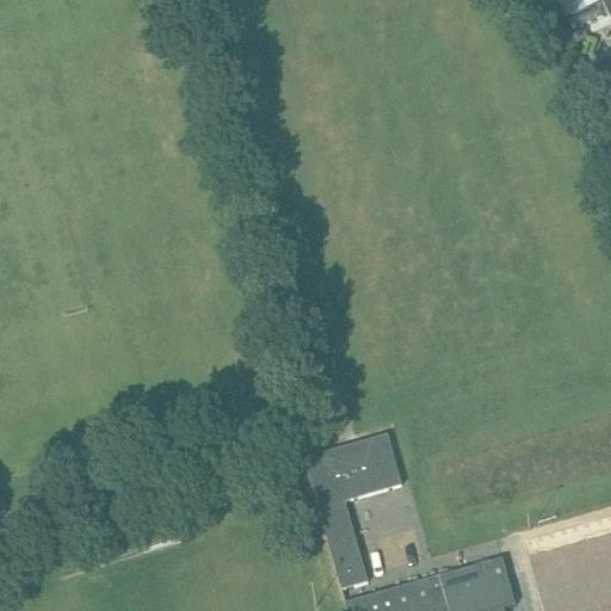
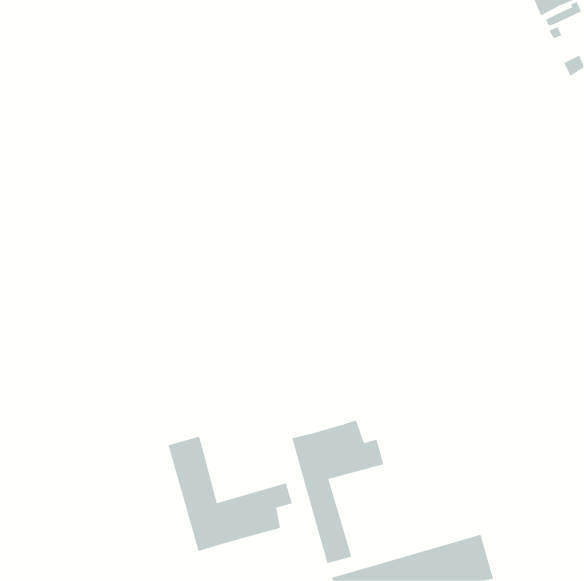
building: none -> [168,436,293,552]

